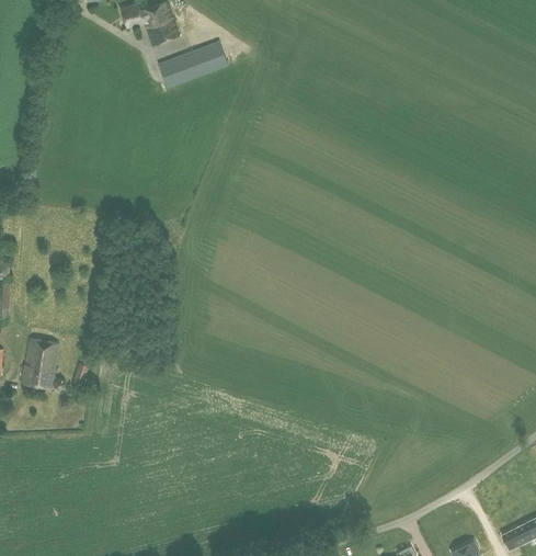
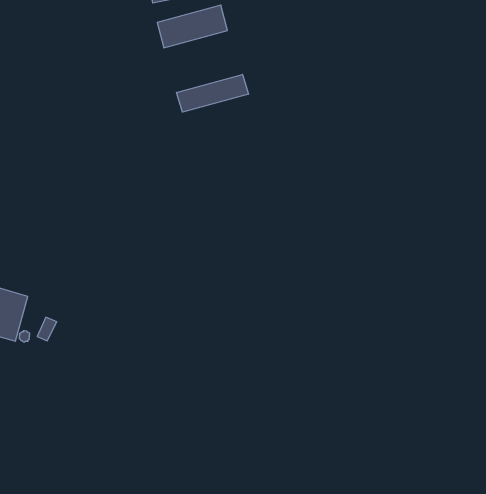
building: none -> [177,74,248,112]

